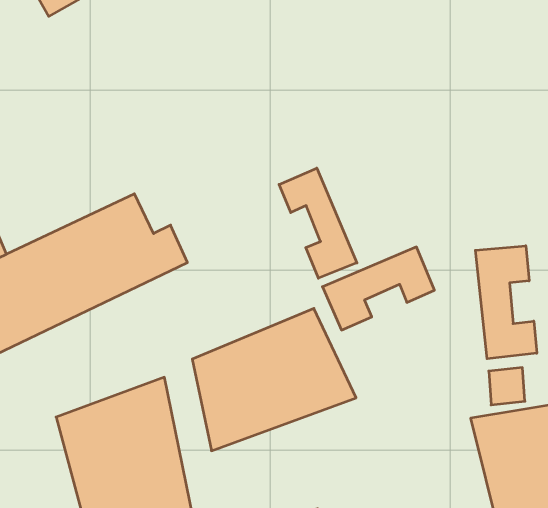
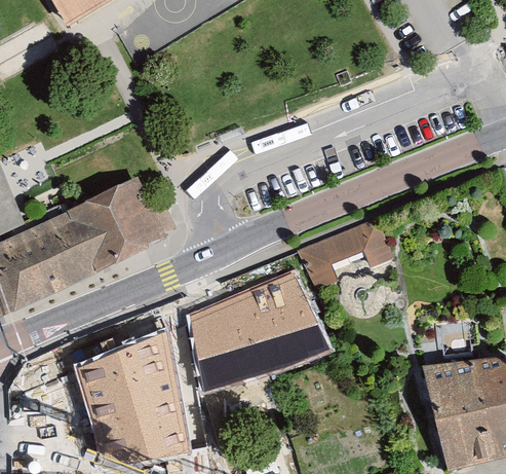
building: [279,168,357,278] -> none
building: [475,246,537,359] -> none

